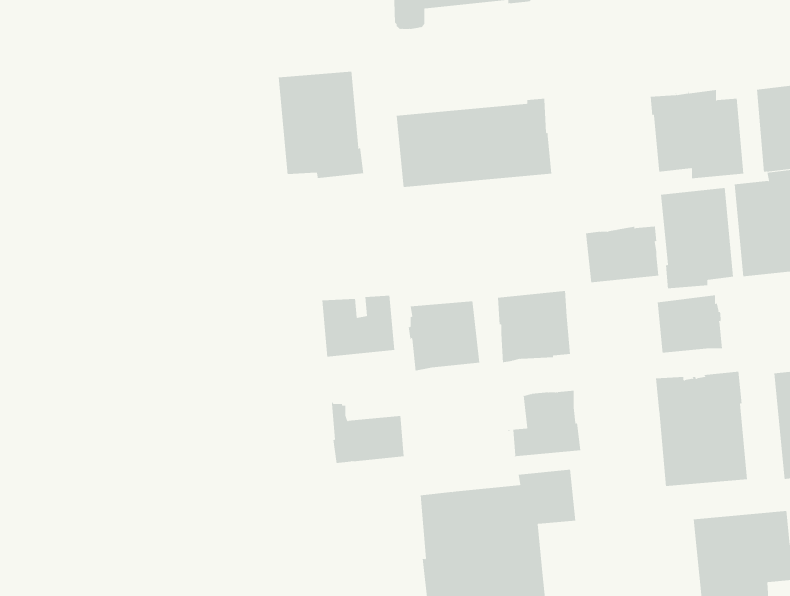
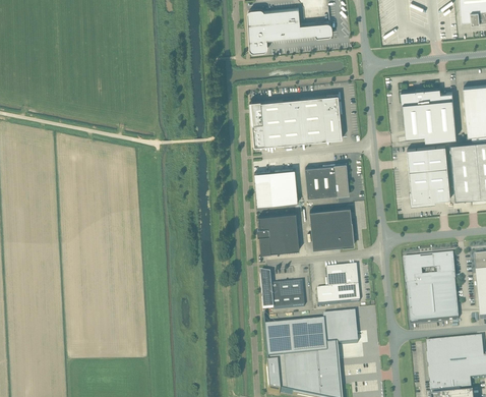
building: [278,71,364,179] -> none
building: [585,224,659,283] -> [305,164,349,198]
building: [657,295,722,354] -> none
building: [321,295,395,357] -> [254,170,298,207]
building: [329,393,404,463] -> [259,270,304,311]

